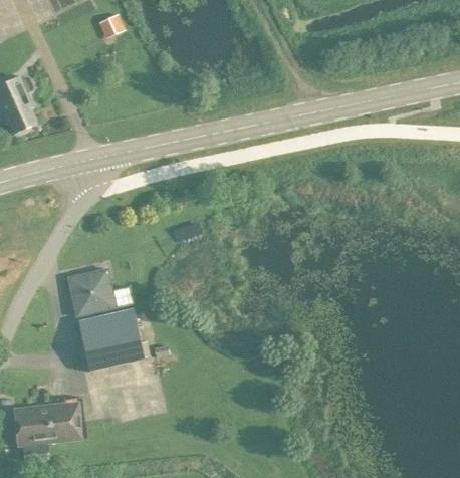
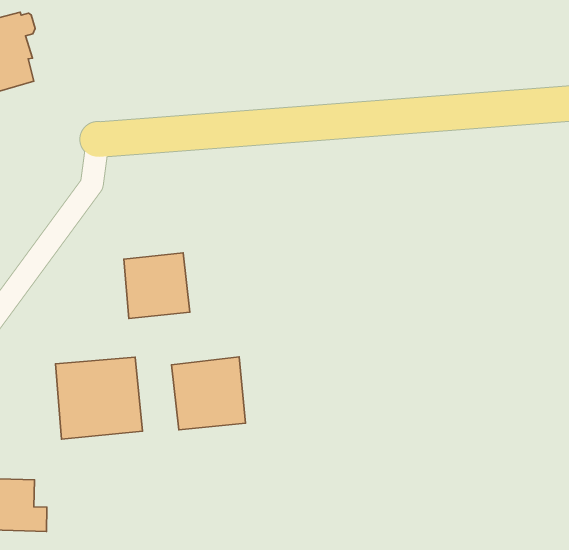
building: [65,265,117,316] -> [124,253,190,318]
building: none -> [171,357,246,430]

